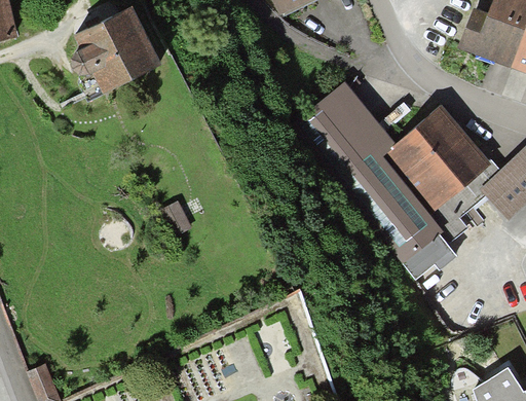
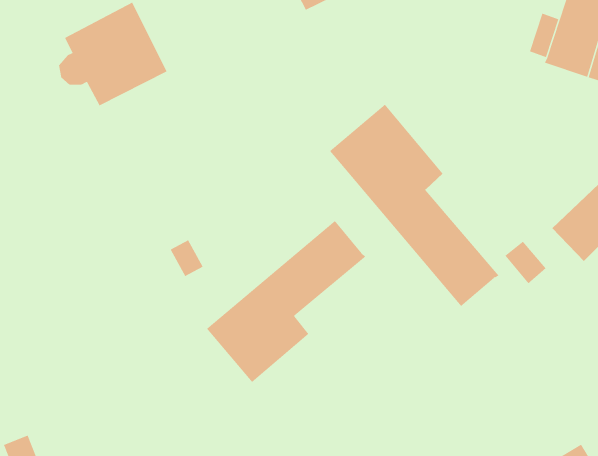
building: [389,110,486,208] -> none
building: none -> [206,220,366,383]
building: [404,231,454,275] -> none

